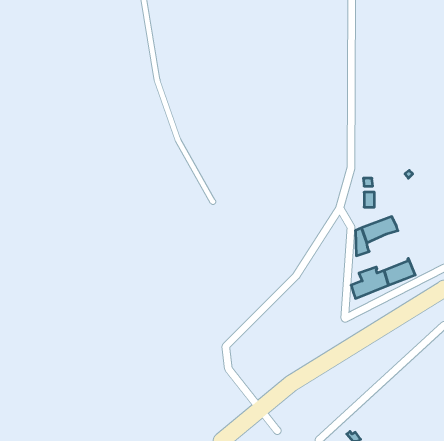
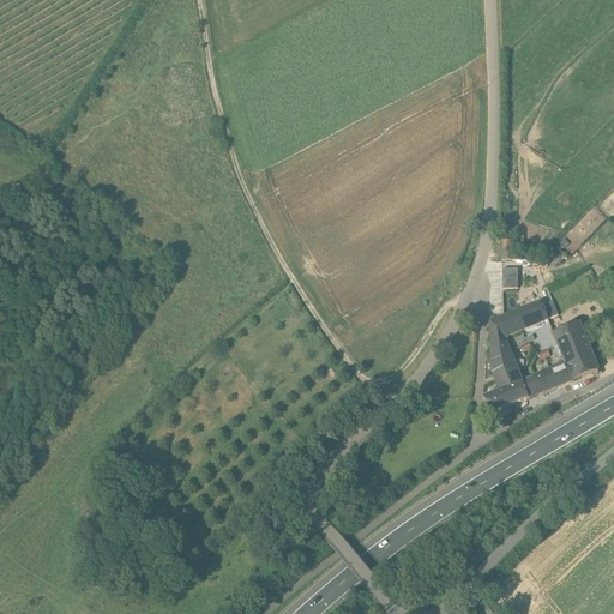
building: none -> [552,320,598,379]
building: none -> [492,347,519,377]

